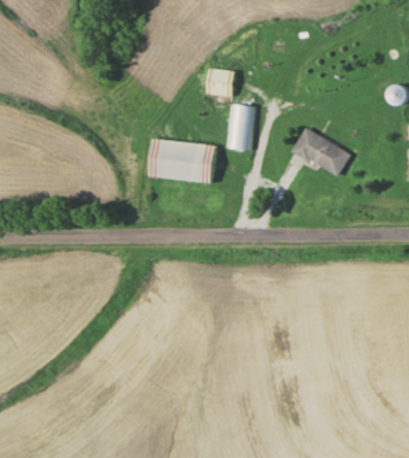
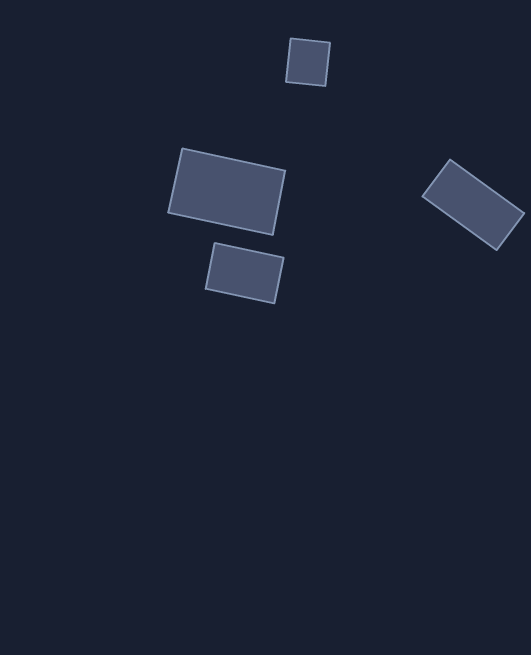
building: [228,105,253,150] -> none
building: none -> [206,243,283,303]

